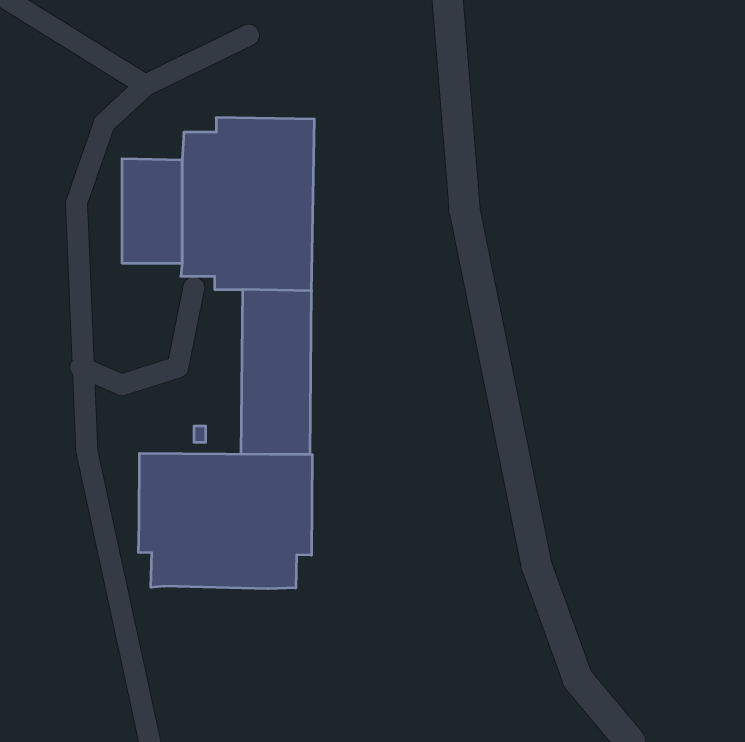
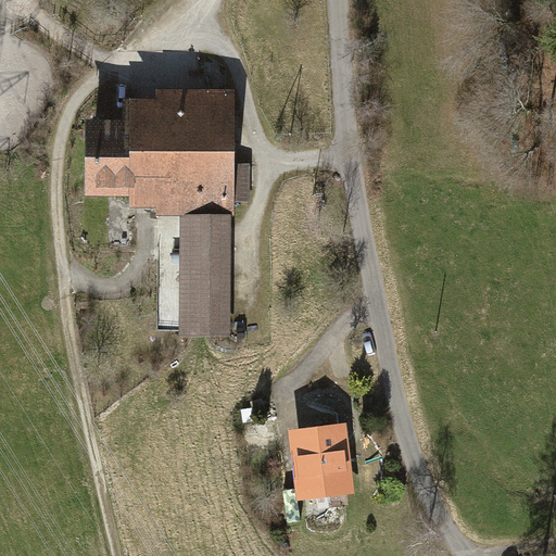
building: [138,453,312,589] -> none
building: none -> [291,422,354,496]

